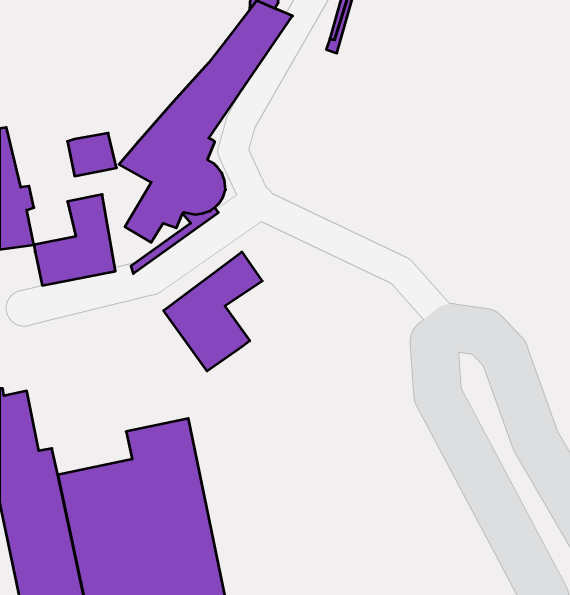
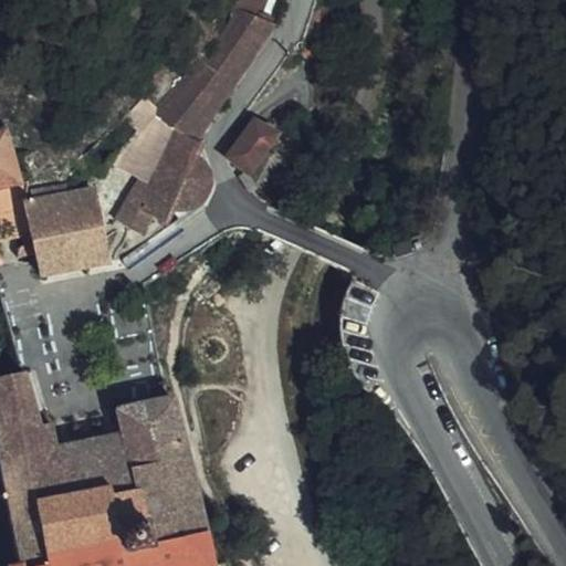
building: none -> [231,123,277,193]
building: [67,133,117,176] -> [28,197,73,237]
building: [164,252,262,371] -> none

